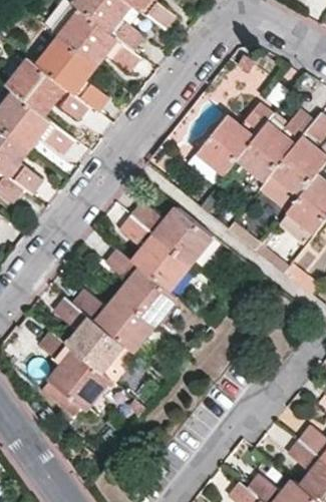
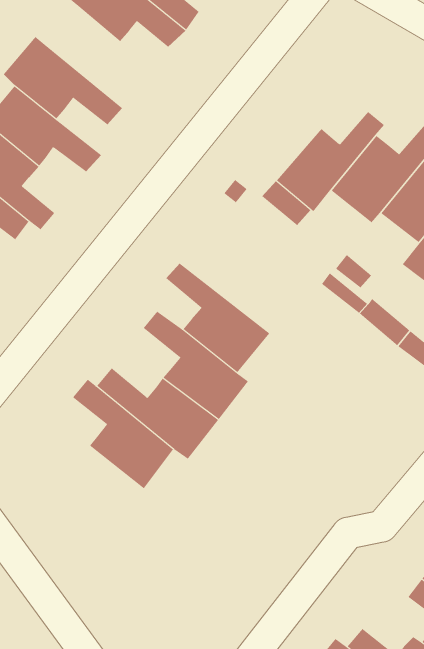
building: [33,33,106,111] -> none
building: [128,202,214,265] -> none
building: [37,331,111,409] -> none

